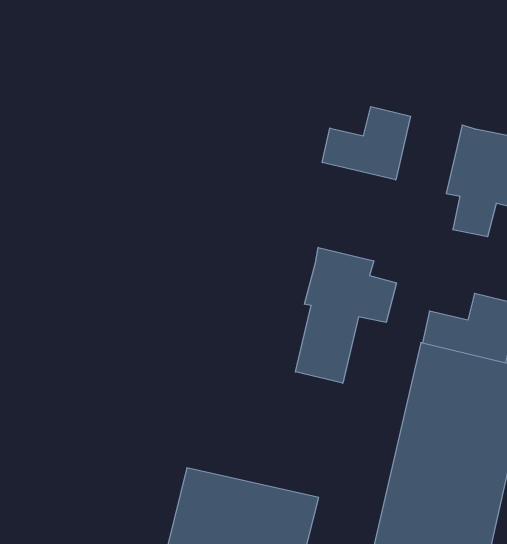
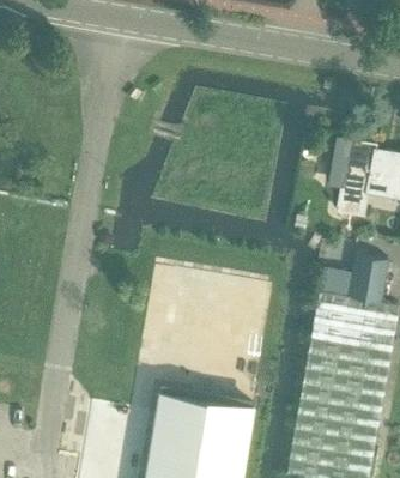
building: [322,107,410,180] -> none
building: [295,247,396,383] -> none

